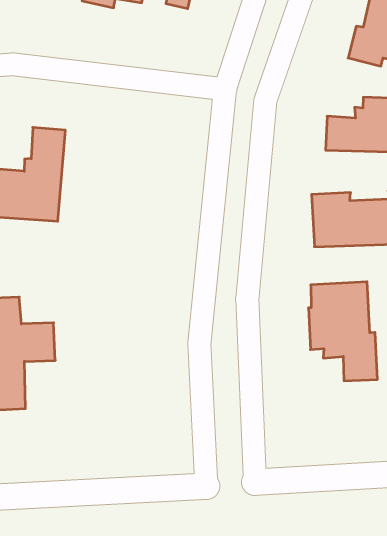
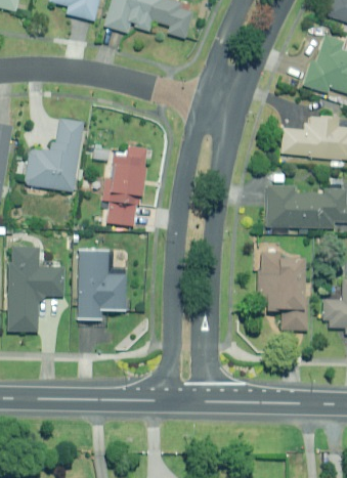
building: none -> [105,145,146,226]
building: none -> [77,252,128,320]

